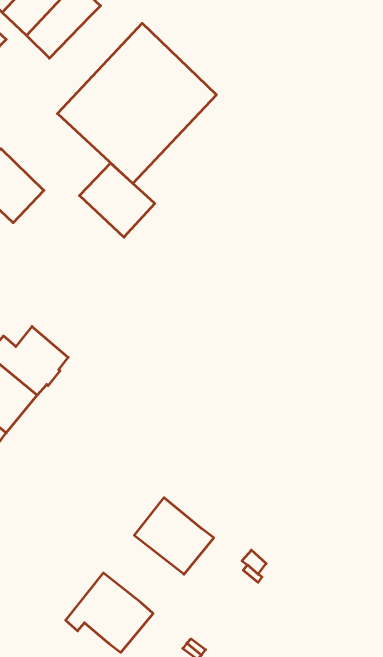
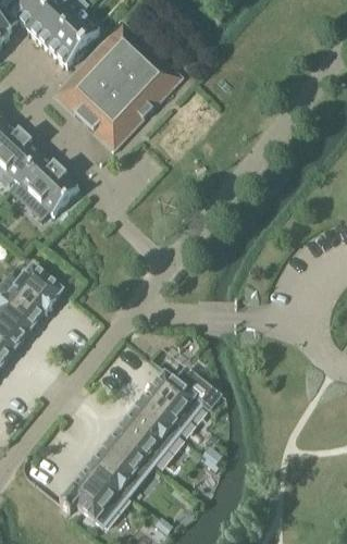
building: none -> [47,13,99,66]
building: [79,163,155,237] -> [17,154,78,214]
building: none -> [139,367,221,435]
building: none -> [90,433,156,496]

